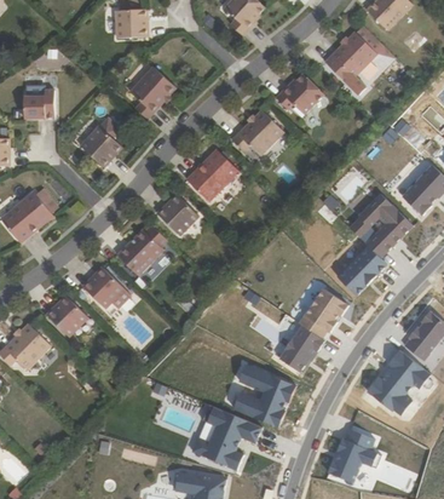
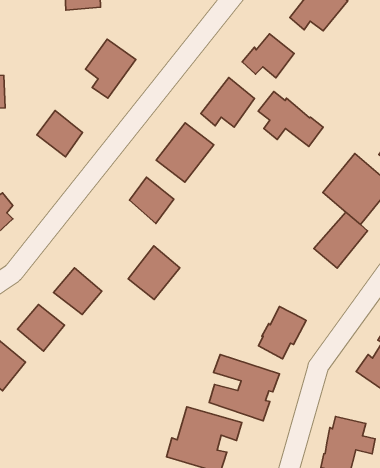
building: none -> [258,92,323,146]
building: [127,233,174,281] -> [128,246,180,300]
building: [292,285,340,334] -> none

